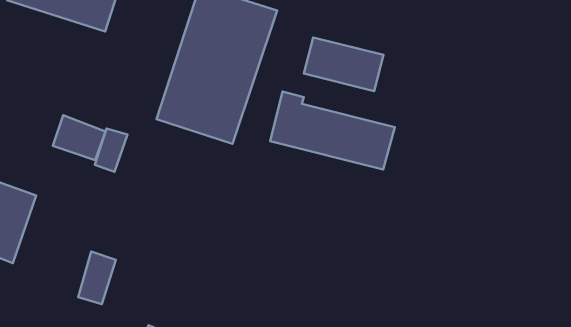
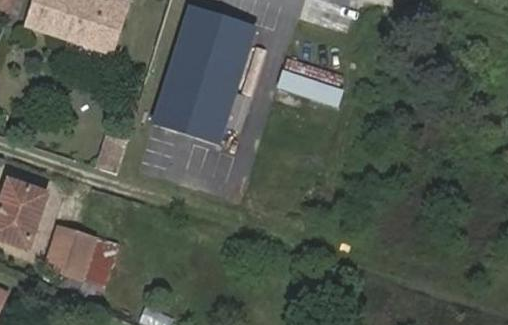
building: [270,92,395,169] -> none
building: [53,115,105,160] -> none
building: none -> [48,227,96,279]

